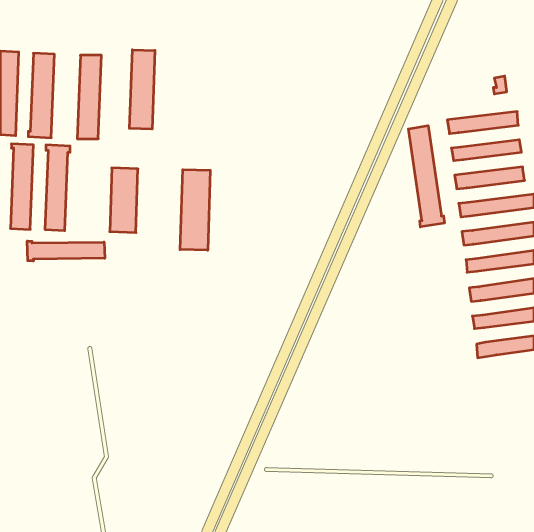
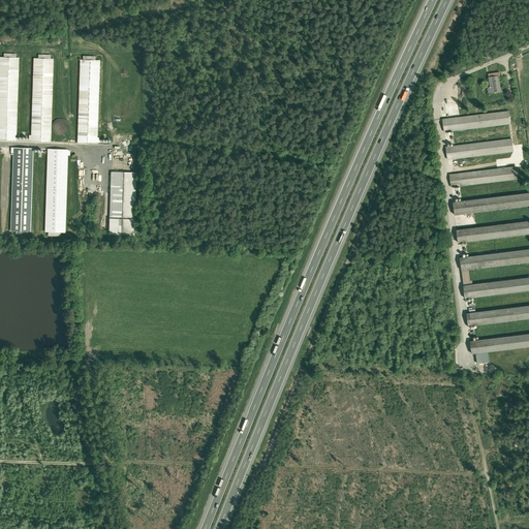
building: [129,50,155,129] -> none
building: [408,126,444,227] -> none
building: [180,170,210,250] -> none
building: [27,241,105,261] -> none

